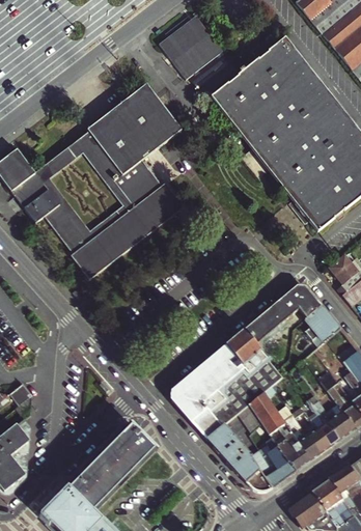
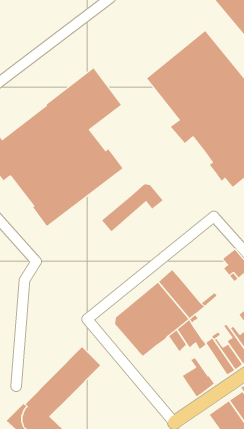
building: [159,15,223,78] -> none
building: [244,285,321,344] -> [101,184,164,232]
building: [270,422,310,470] -> none
building: [207,423,273,490] -> none

